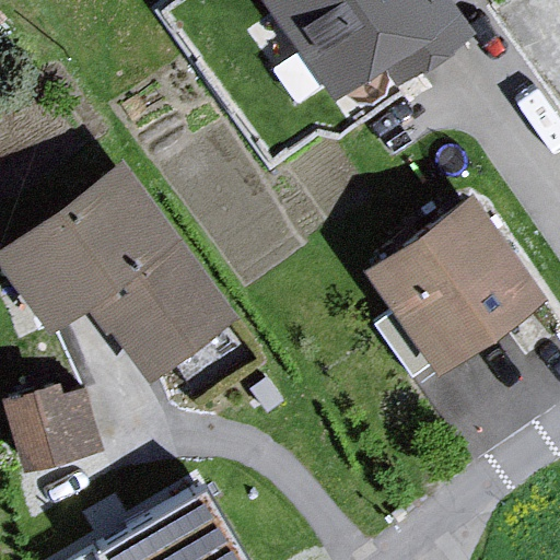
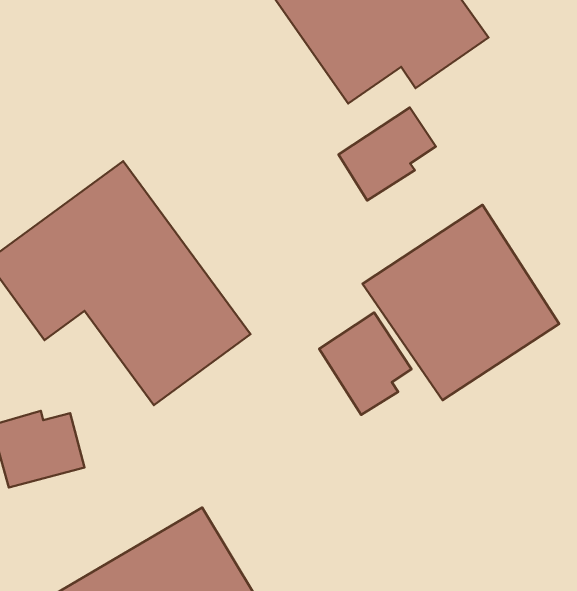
building: none -> [338,108,436,200]
building: none -> [319,313,411,415]

